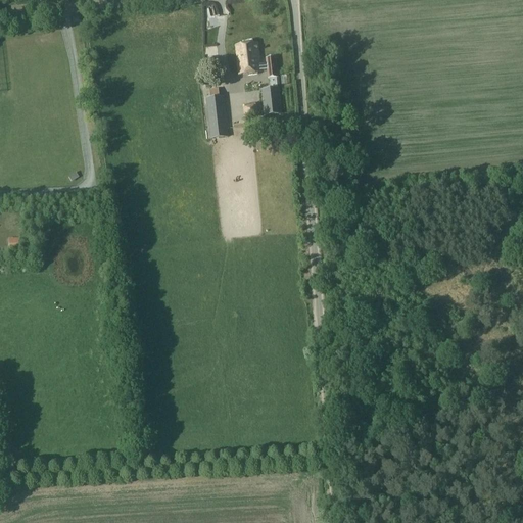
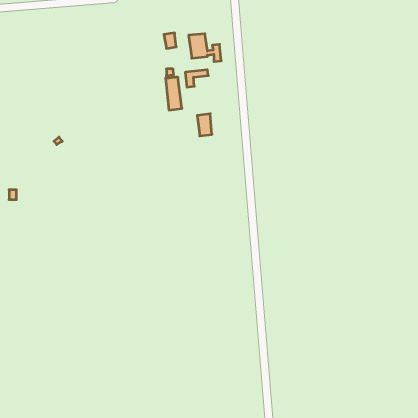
building: [262,87,280,114] -> [197,114,212,136]

